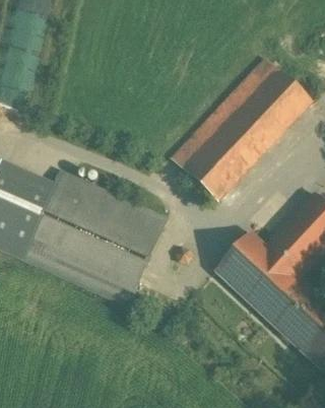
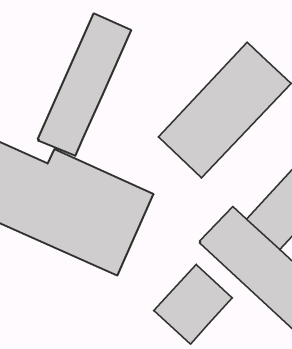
building: none -> [38,13,131,156]
building: none -> [154,264,232,344]

